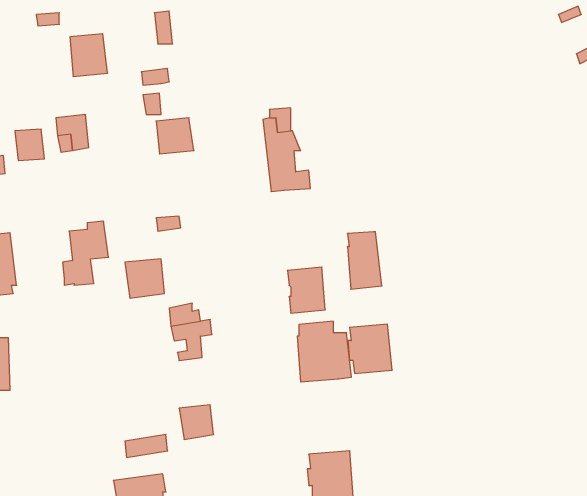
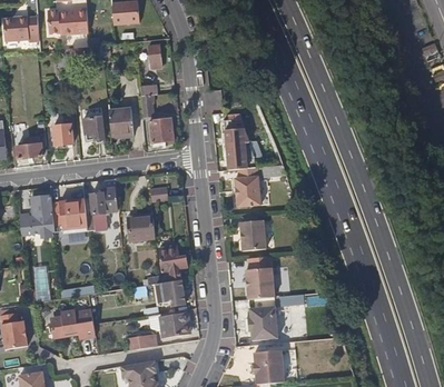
building: [70,34,108,76] -> [108,108,134,137]
building: [347,232,382,289] -> [236,166,259,205]
building: none -> [58,197,87,229]
building: [348,324,392,373] -> [246,295,276,328]
building: none -> [155,280,184,305]
building: none -> [51,309,95,337]

